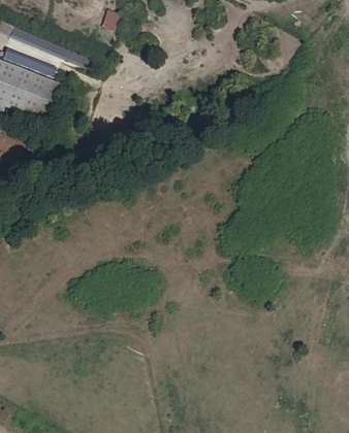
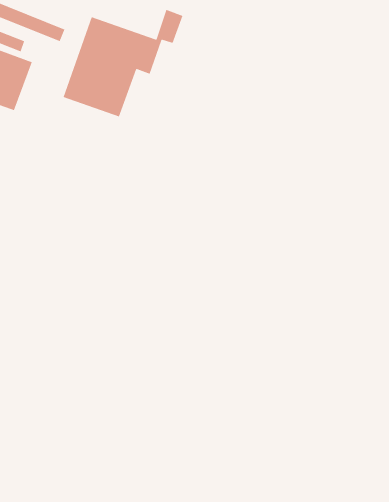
building: none -> [63,9,183,118]

